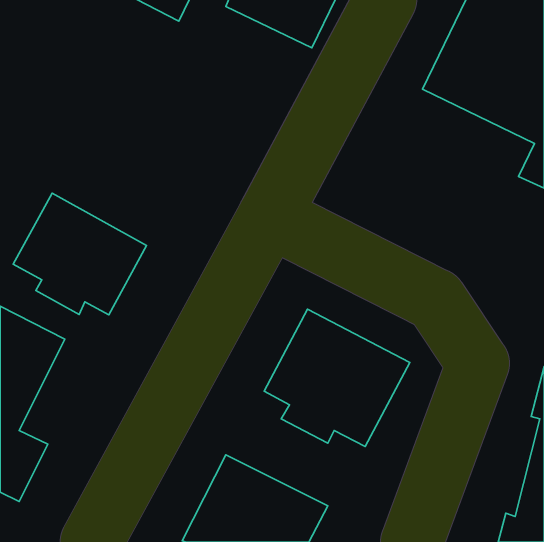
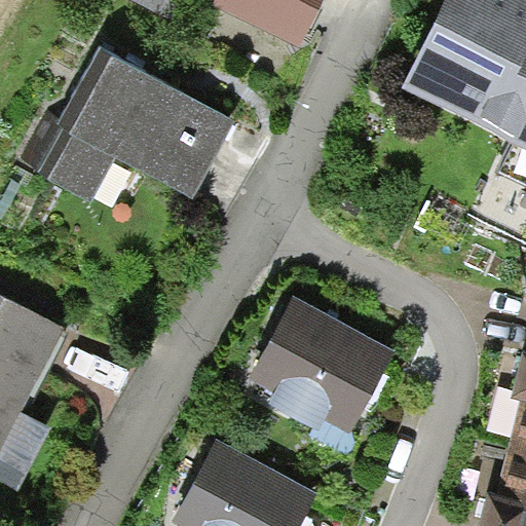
building: none -> [35,51,233,206]
building: [13,193,147,315] -> none

